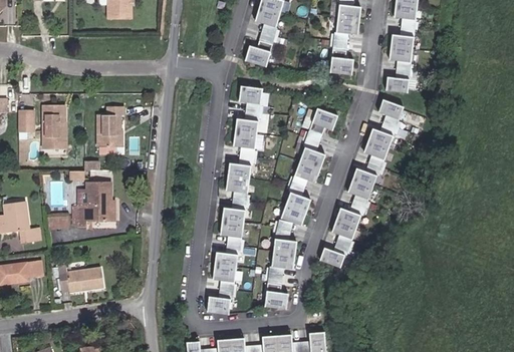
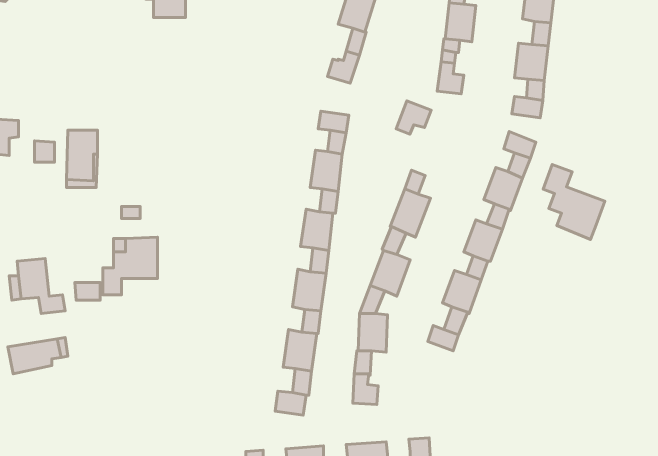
building: [103,105,133,152] -> none
building: [309,111,335,136] -> [396,101,431,134]
building: none -> [543,164,605,240]
building: [66,264,111,290] -> none

